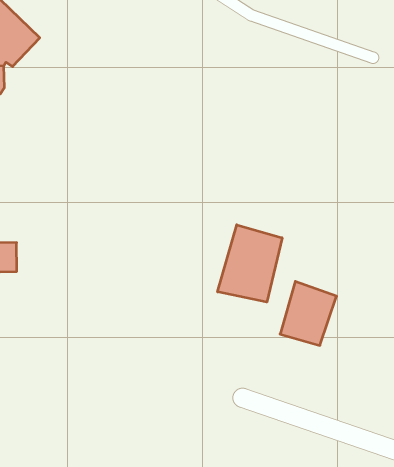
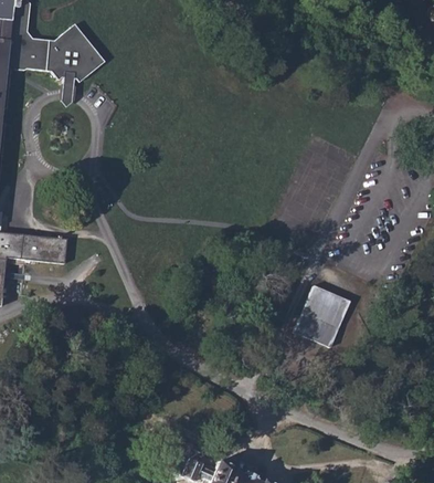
building: [218,225,282,302] -> none

